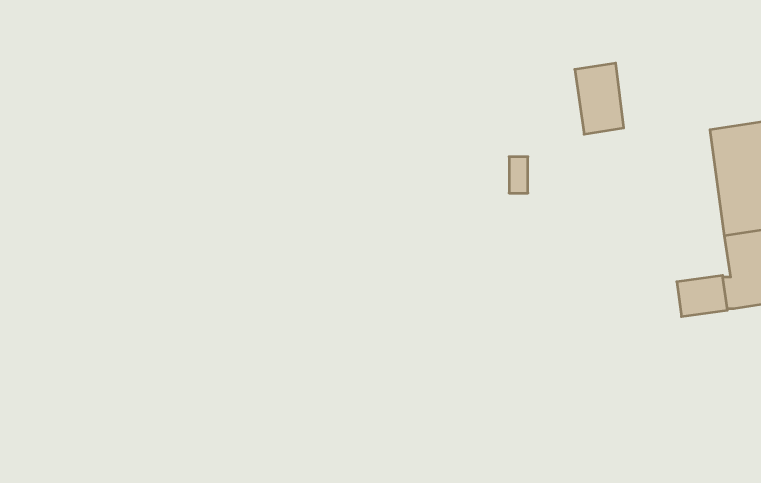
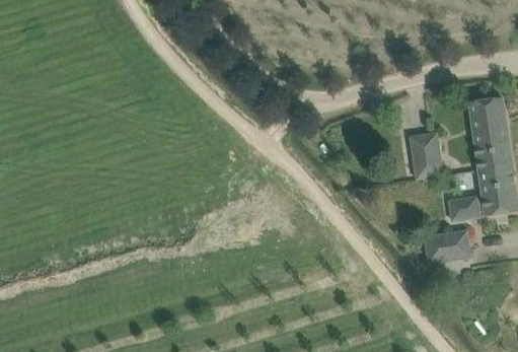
building: [575,63,624,134] -> [410,133,441,179]
building: none -> [424,230,469,263]

